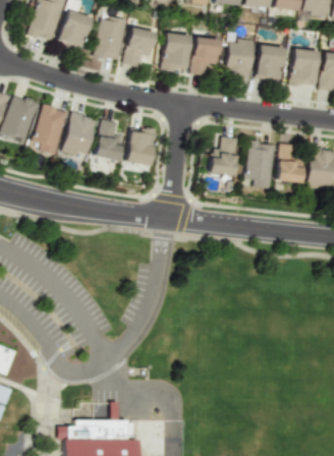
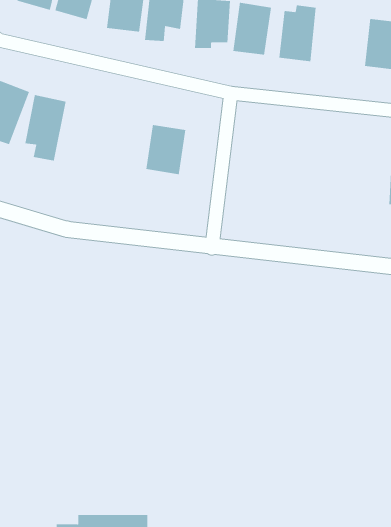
building: [255,44,284,80] -> none
building: [61,112,97,157] -> none
building: [94,119,123,161] -> none
building: [210,136,238,176] -> none
building: [246,141,275,188] -> none
building: [276,142,303,183] -> none

